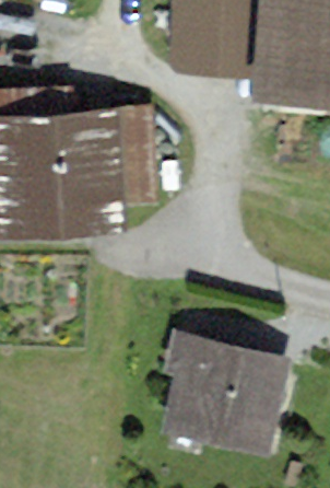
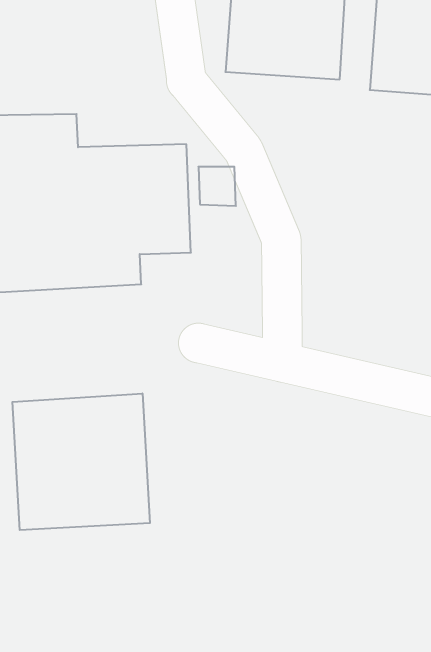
building: none -> [12,393,150,530]
building: [175,355,267,438] -> none

